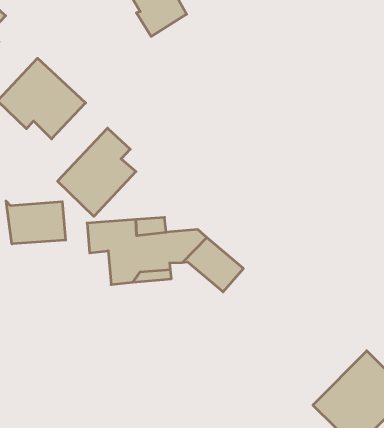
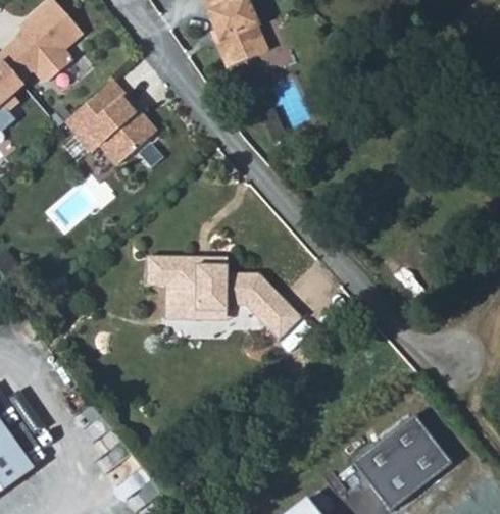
building: [58,128,136,216] -> none
building: [6,201,66,244] -> none

